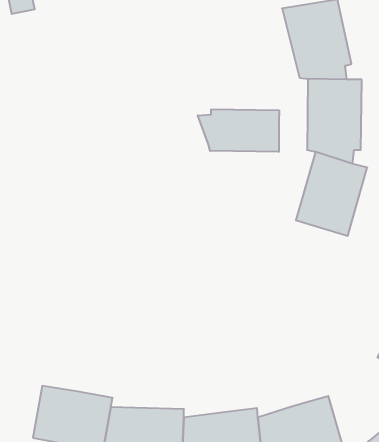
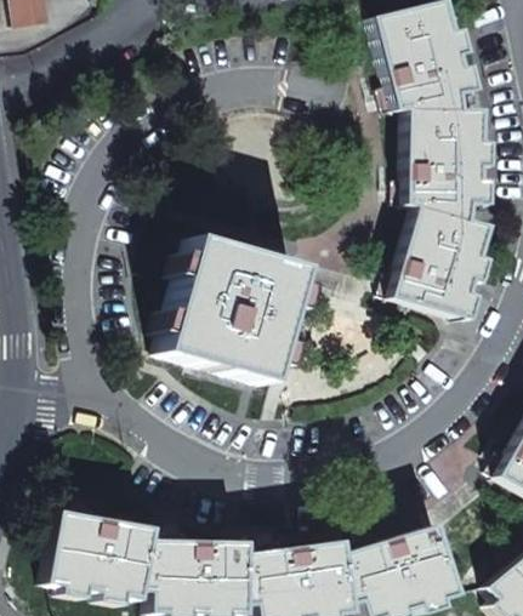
building: [198,109,279,152] -> none
building: none -> [161,240,300,383]

